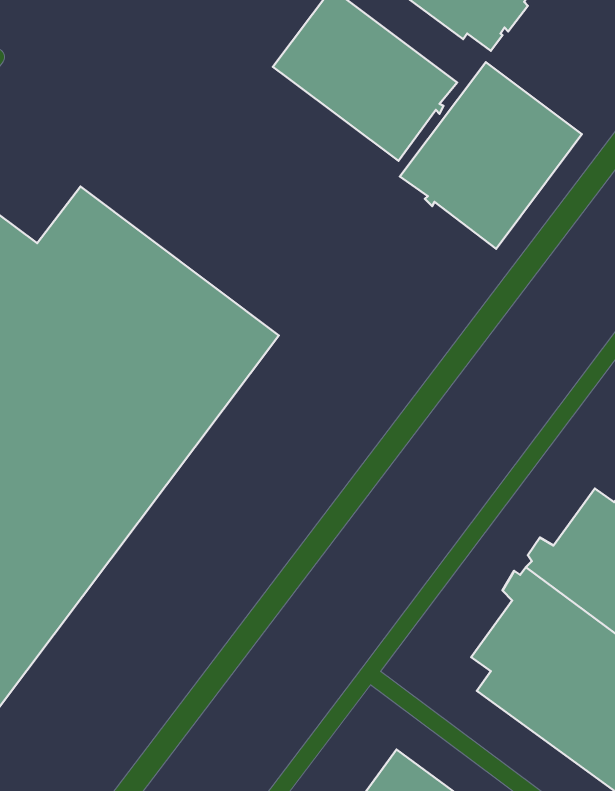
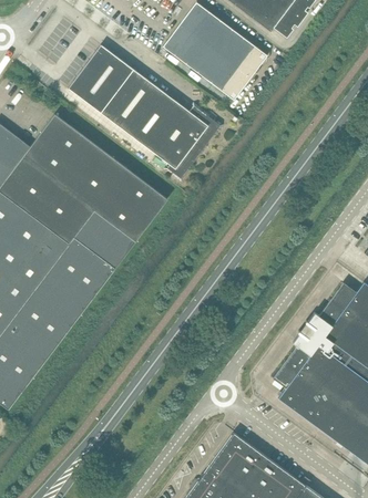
building: [400,62,582,249] -> none
building: none -> [68,44,219,178]

